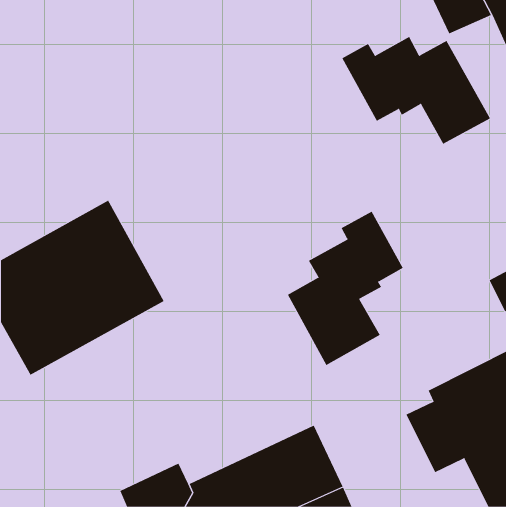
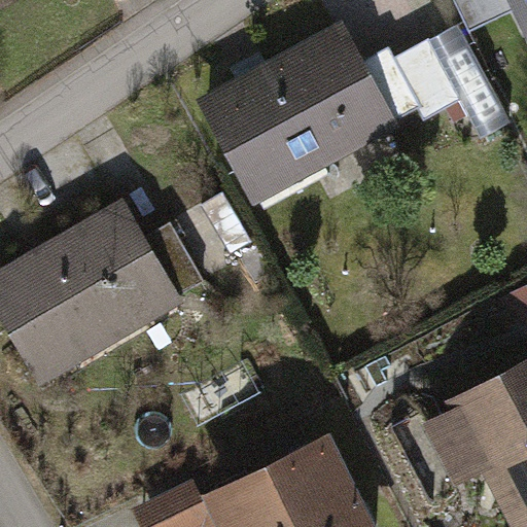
building: none -> [198,23,396,208]
building: [287,211,404,366] -> none

